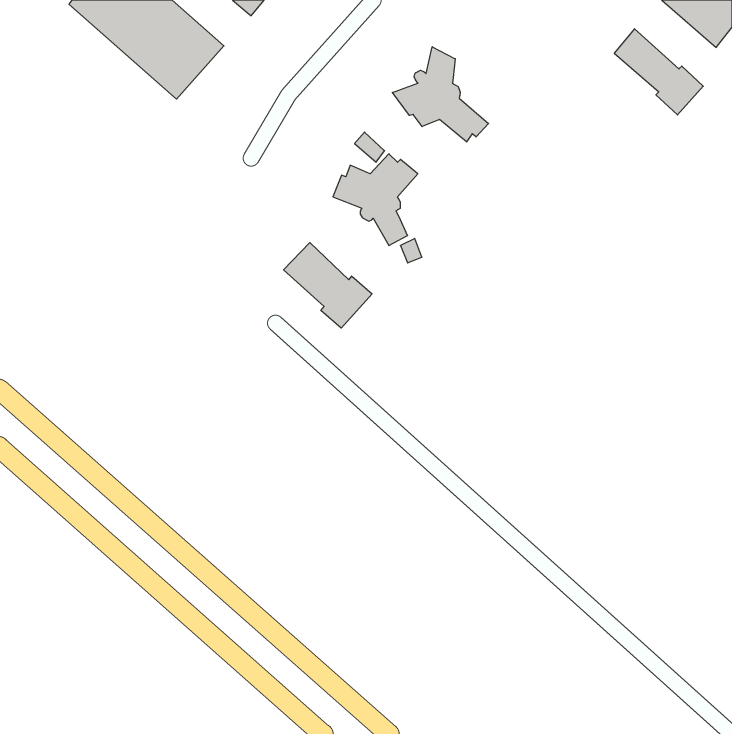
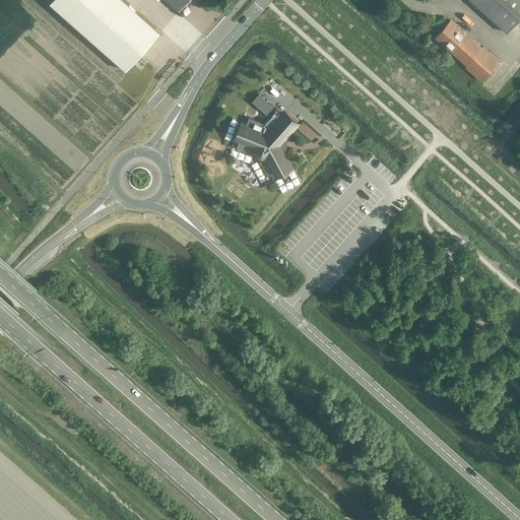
building: [392,47,489,142] -> none
building: [284,243,372,328] -> none

